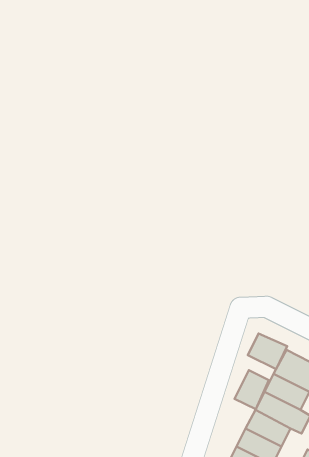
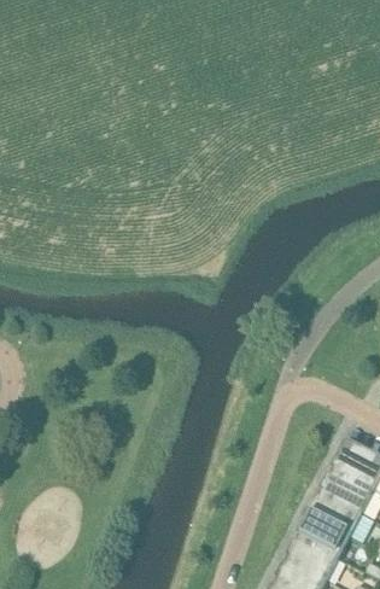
building: [248,334,287,369] -> none
building: [235,370,269,409] -> none

